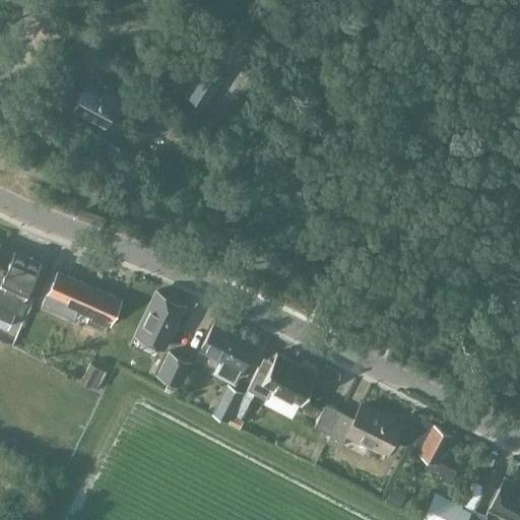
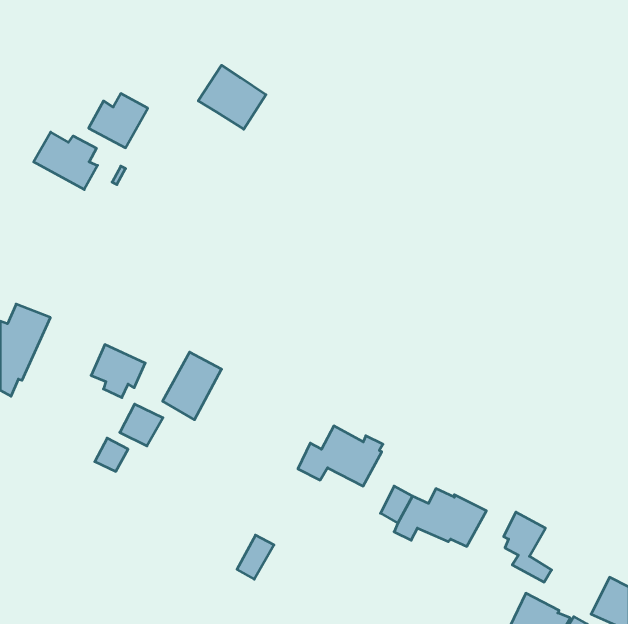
building: none -> [34,132,98,190]
building: [42,274,87,322] -> none
building: [200,325,255,382] -> none
building: [156,353,192,388] -> [120,404,163,446]
building: [212,387,243,424] -> [237,535,274,579]

